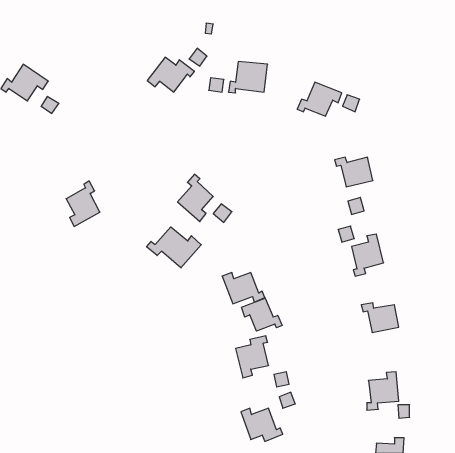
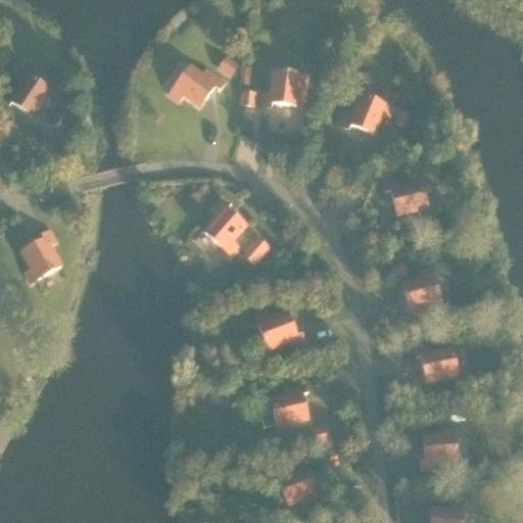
building: [66,181,100,226] -> [22,230,61,282]
building: [147,227,201,268] -> none
building: [241,298,282,331] -> none

